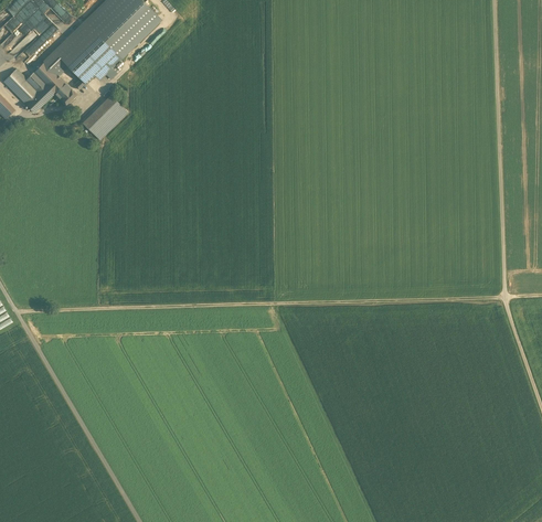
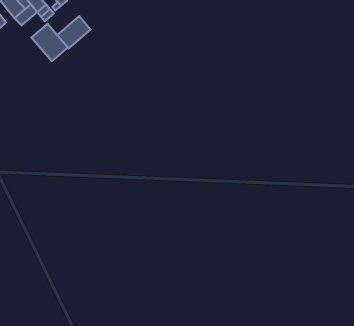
building: none -> [32,24,68,61]

